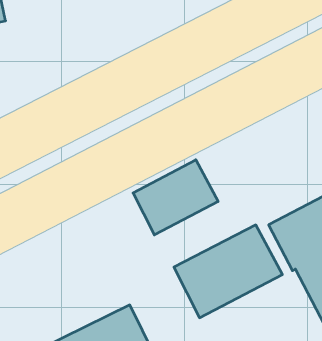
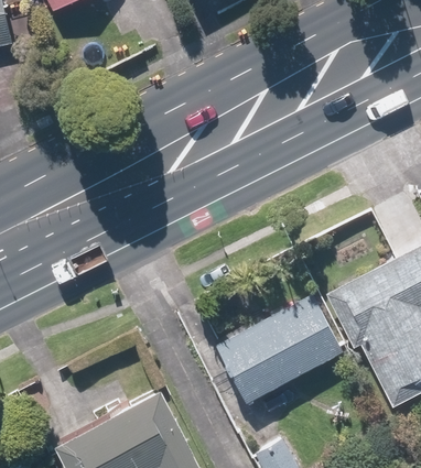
building: [133,160,218,235] -> none

